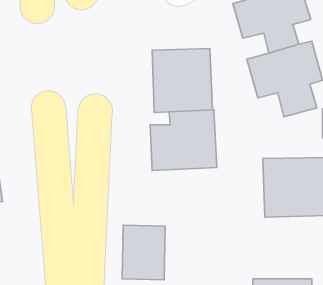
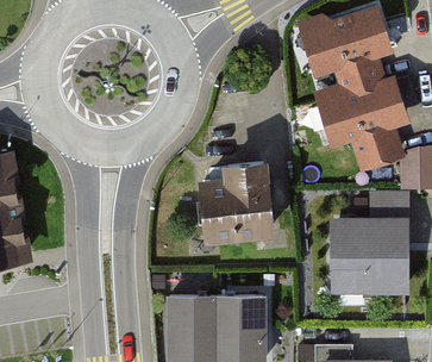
building: [152,49,213,113] -> none
building: none -> [215,289,268,355]

